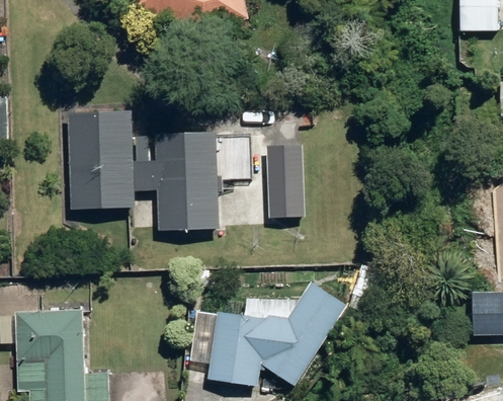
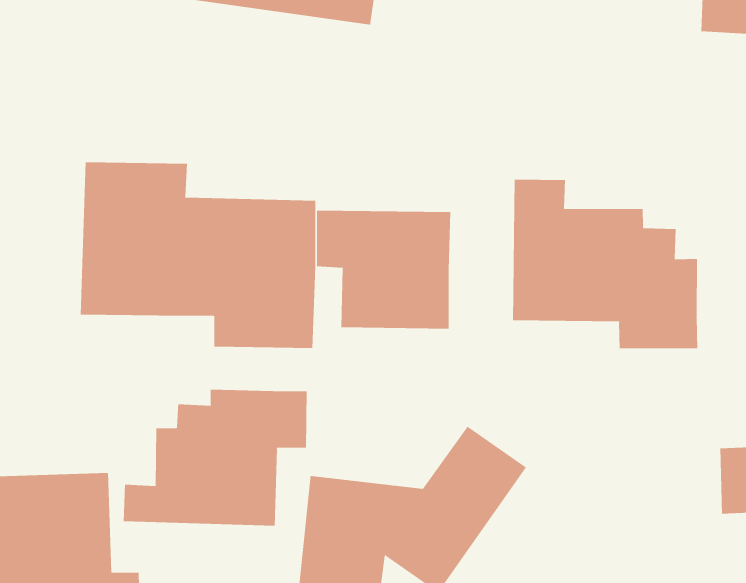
building: none -> [513,179,698,349]
building: none -> [123,389,307,527]

